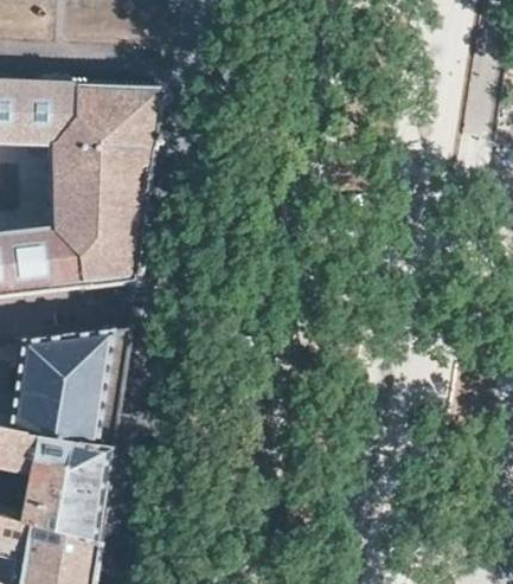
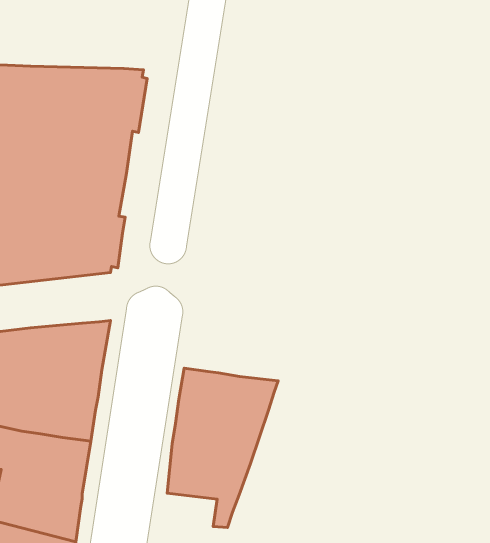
building: none -> [167,368,278,528]

